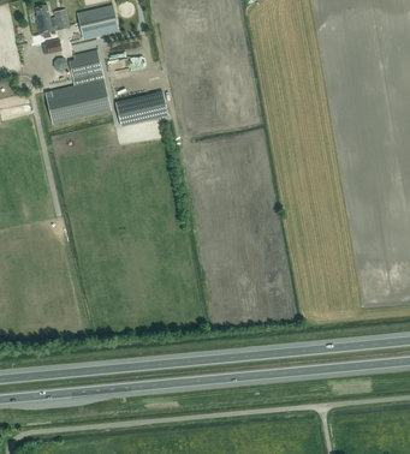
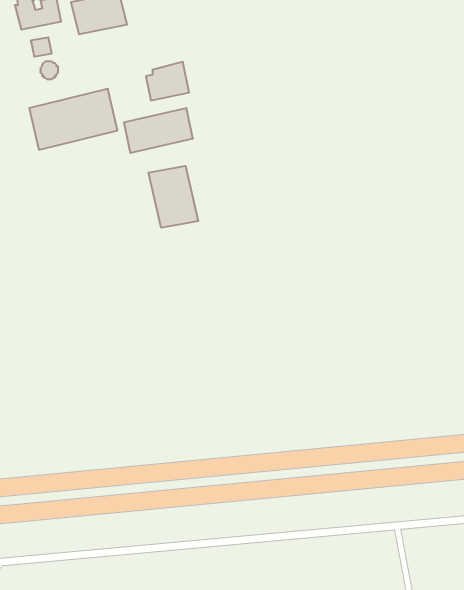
building: [69,48,101,77] -> [146,62,189,100]
building: none -> [149,166,198,228]

